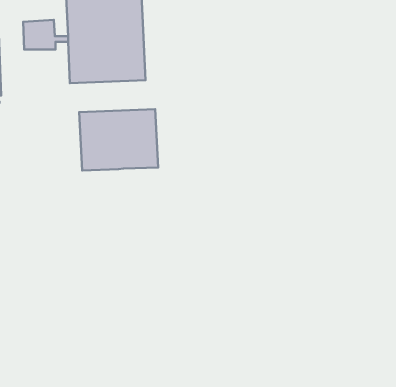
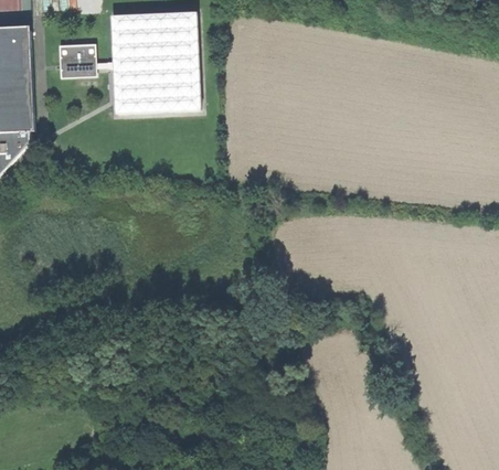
building: [79,109,158,170] -> none

